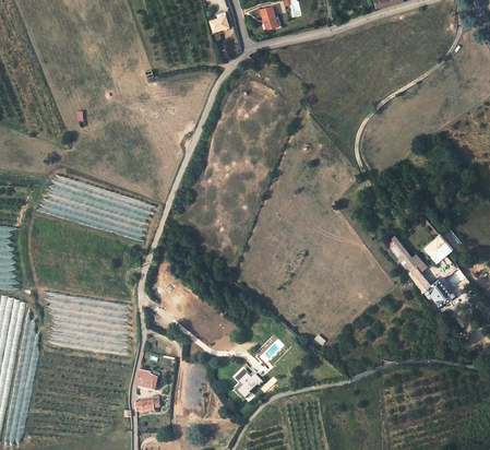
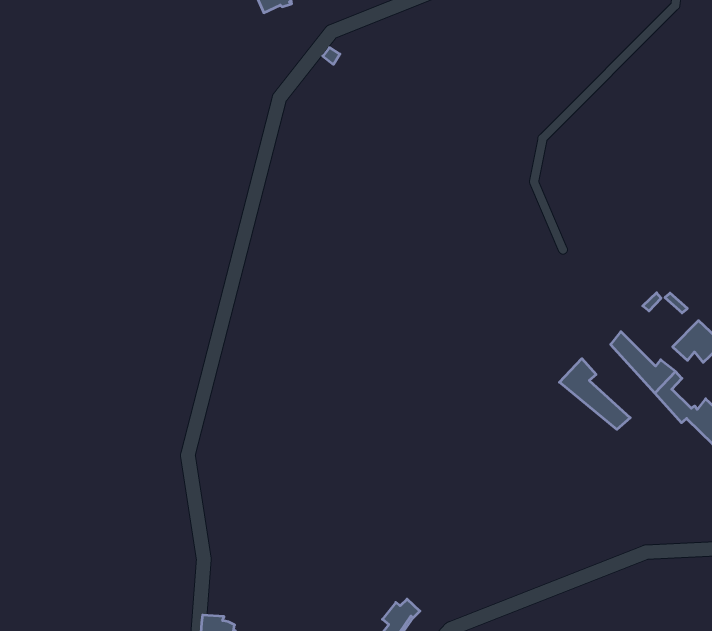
building: none -> [559,359,630,429]

